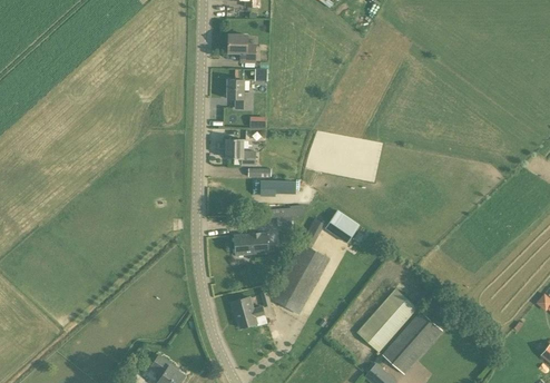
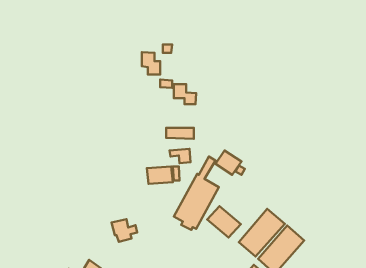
building: [227,35,255,62] -> none
building: [225,139,255,166] -> [174,84,196,104]
building: none -> [207,206,241,238]
building: [229,297,264,327] -> [111,219,137,242]

